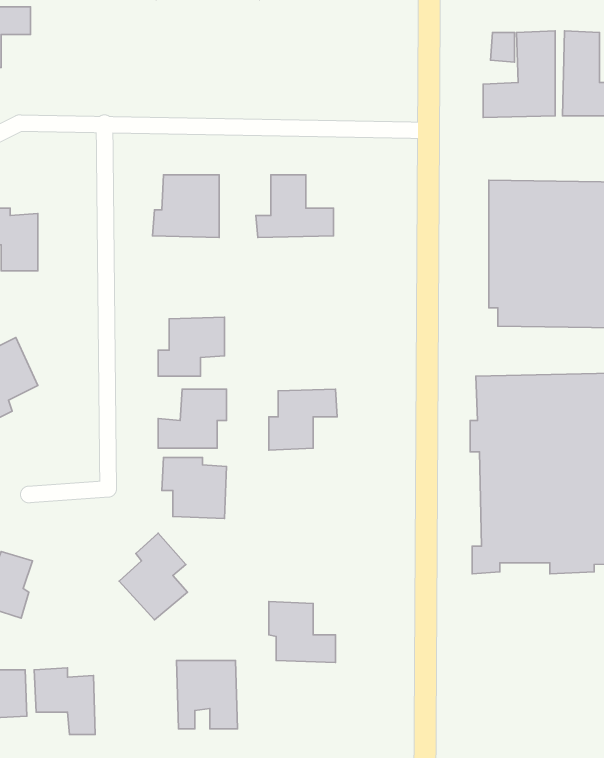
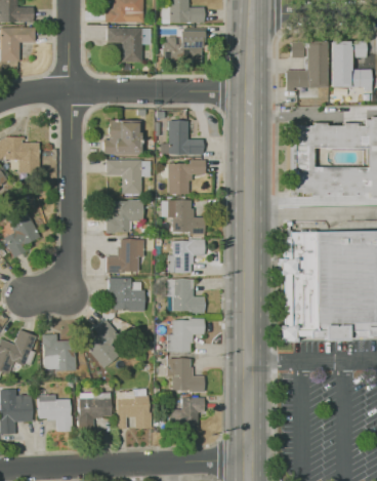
building: none -> [108,28,152,62]
building: none -> [165,29,204,59]
building: none -> [107,159,151,194]
building: none -> [169,161,206,193]
building: none -> [162,199,206,234]
building: none -> [168,278,205,312]
building: none -> [168,319,205,352]
building: none -> [43,334,76,370]
building: none -> [78,392,112,431]
building: none -> [168,396,205,428]

